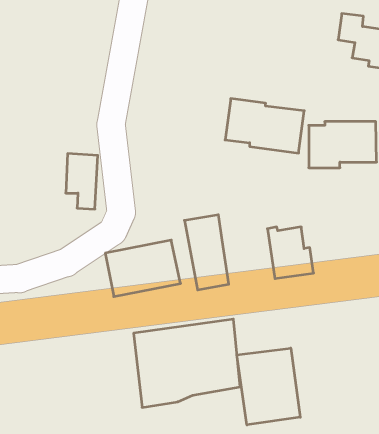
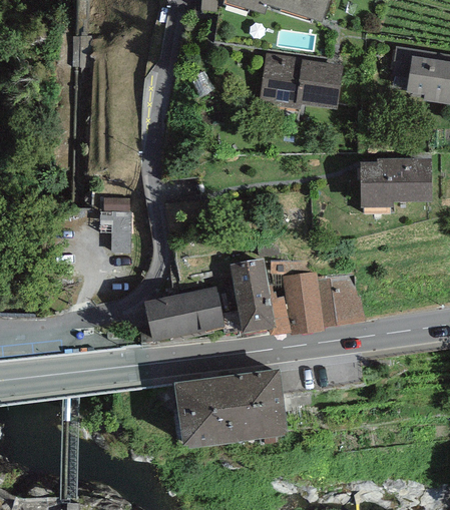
building: [225,99,304,153] -> [259,49,343,107]
building: none -> [268,267,325,339]
building: [237,348,300,425] -> none

